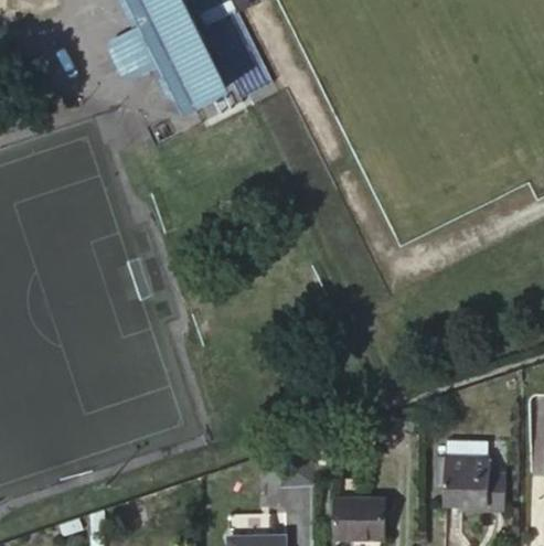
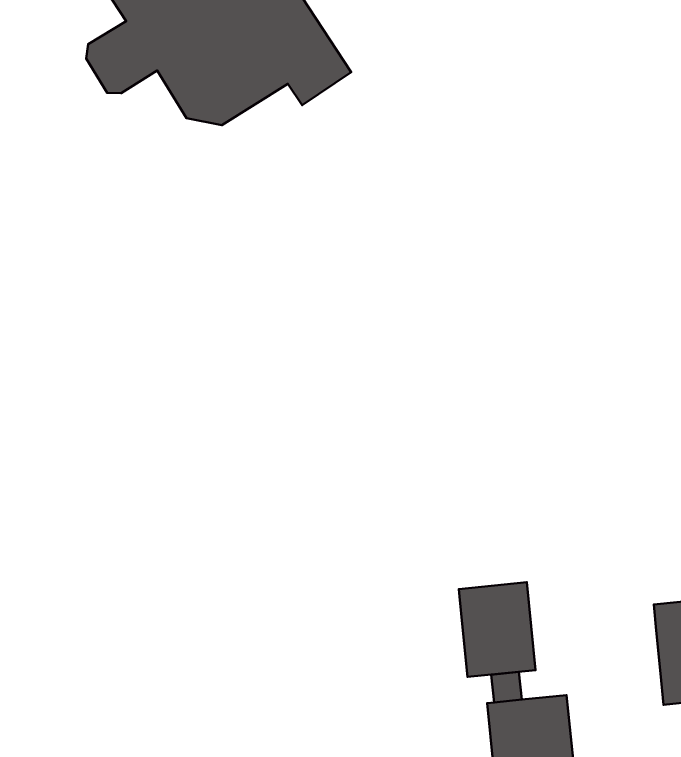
building: none -> [459,582,535,677]

